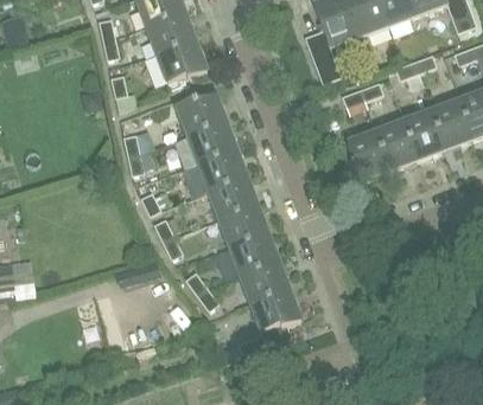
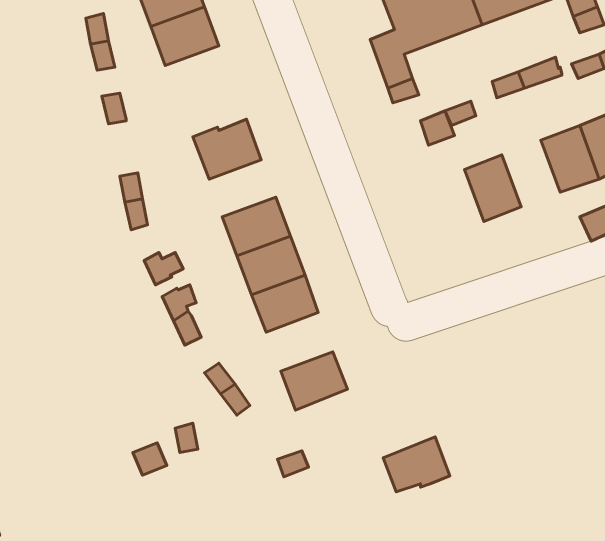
building: [157,41,206,92] -> none
building: [402,110,445,159] -> none
building: [189,124,237,166] -> none
building: [349,131,389,180] -> none
building: [230,236,279,278] -> none
building: [252,291,300,332] -> [383,437,450,492]

